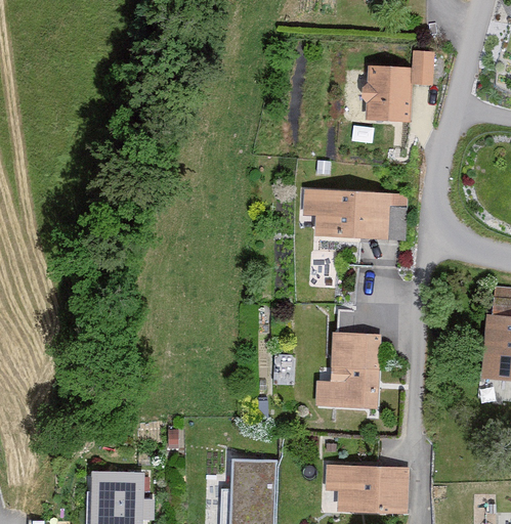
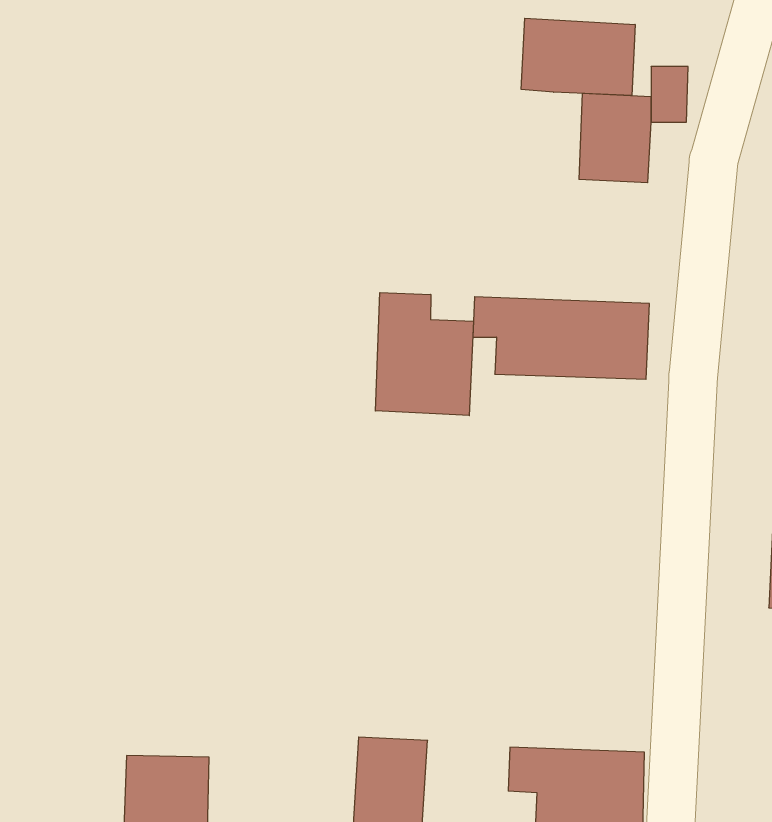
building: none -> [521,18,635,96]
building: none -> [375,293,474,416]
building: [315,333,380,409] -> none

